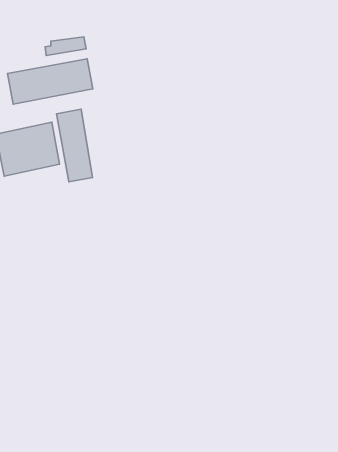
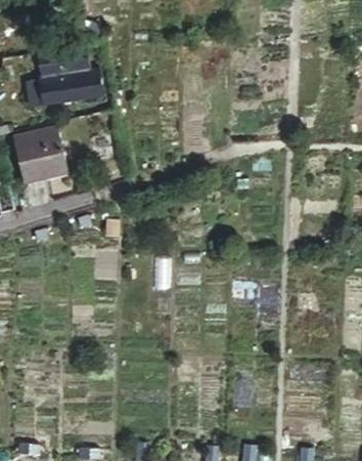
building: [56,109,93,182] -> none

